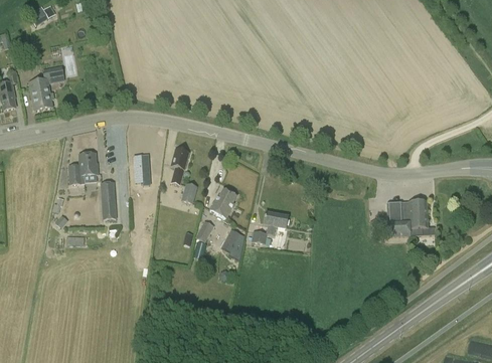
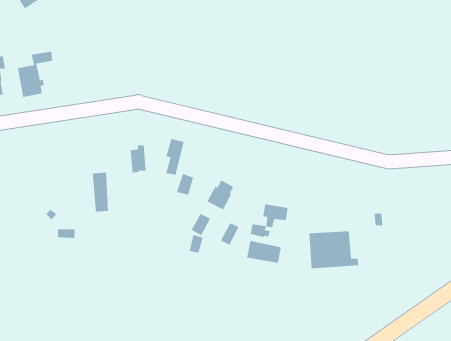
building: [69,154,98,184] -> none
building: [387,201,436,237] -> [309,231,359,269]
building: none -> [247,240,282,264]

